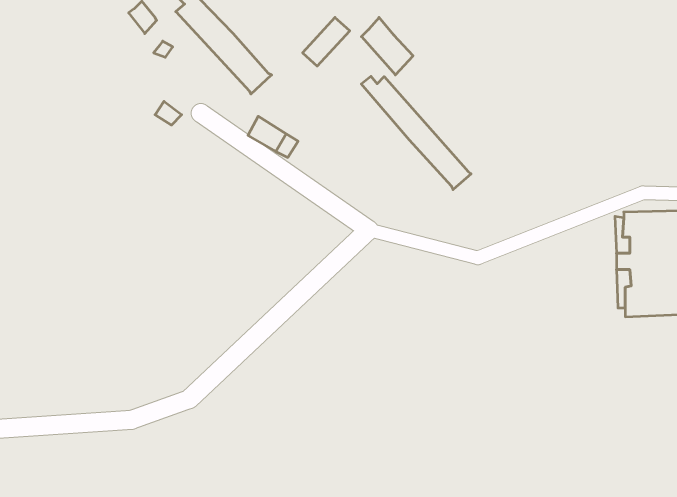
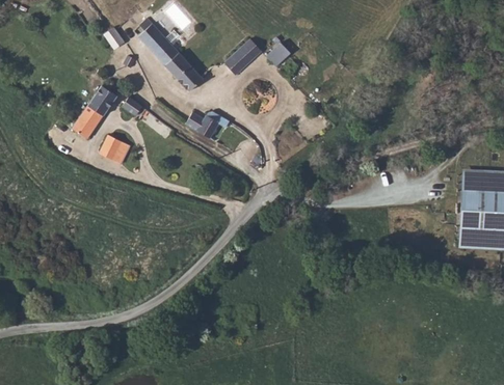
building: none -> [71,79,118,139]
building: [361,76,471,190] -> none
building: none -> [99,134,130,164]

